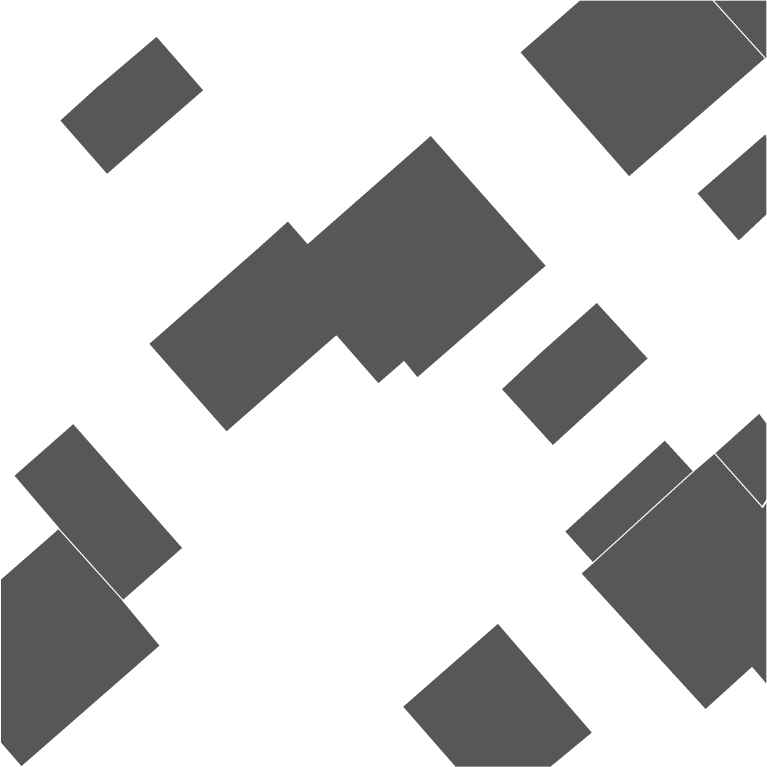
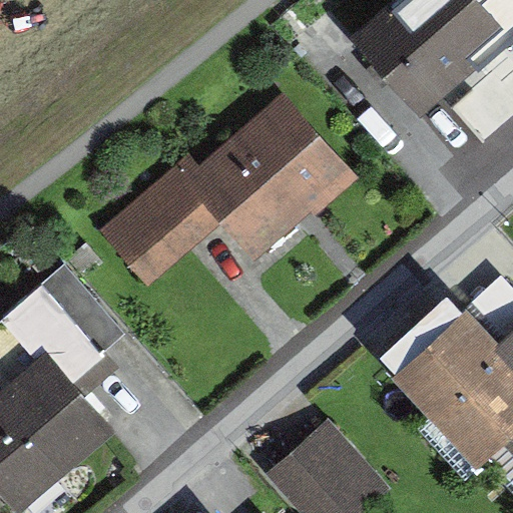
building: [59,36,204,175] -> none
building: [501,302,649,446] -> none

